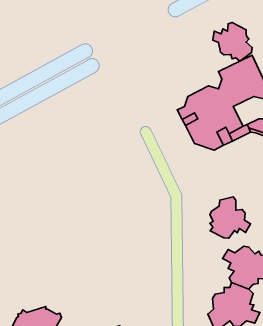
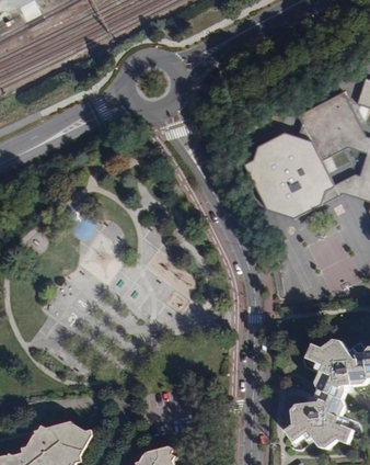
building: [213,23,252,61] -> none
building: [210,197,250,238] -> none

